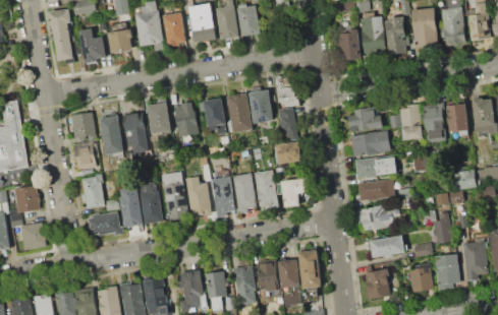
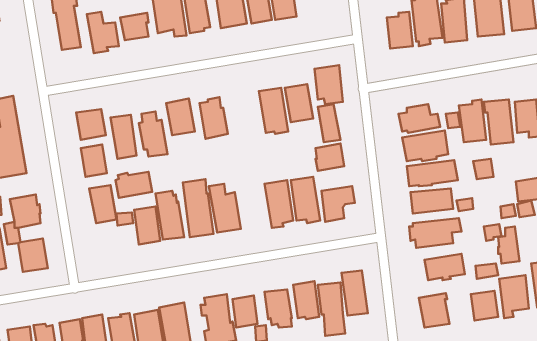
building: [198,98,227,133] -> none
building: [212,176,235,216] -> none
building: [89,211,120,234] -> [115,172,152,198]

